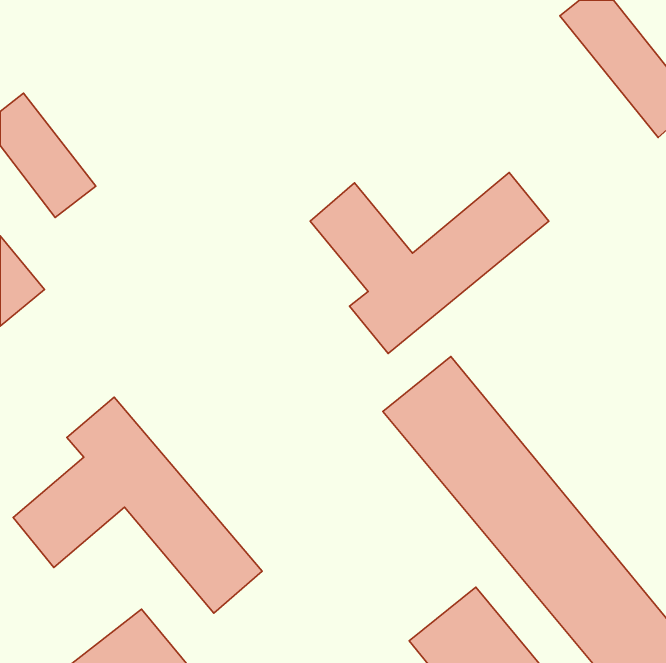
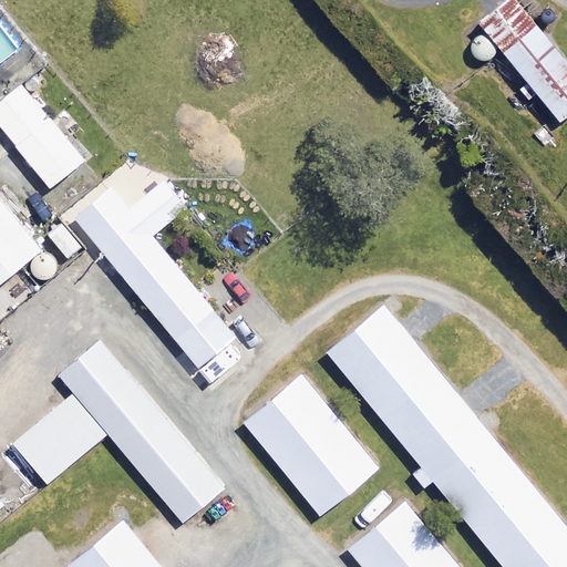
building: [310,172,549,354] -> none
building: none -> [74,182,236,369]
building: none -> [244,375,378,515]

